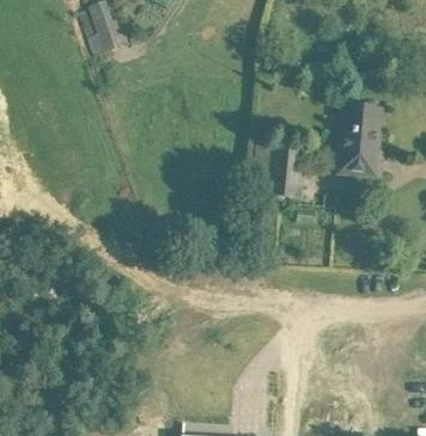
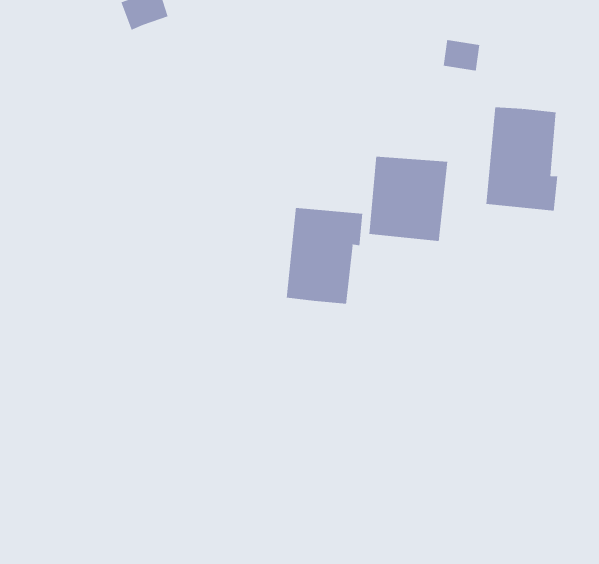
building: none -> [286,207,363,304]

